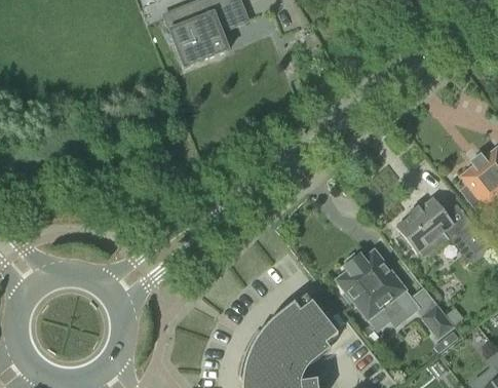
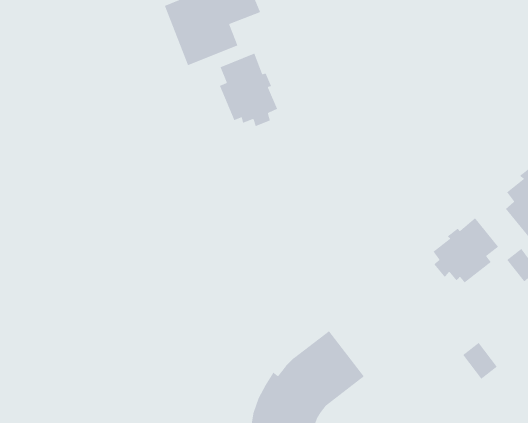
building: none -> [219,52,278,127]
building: [339,249,420,325] -> none

